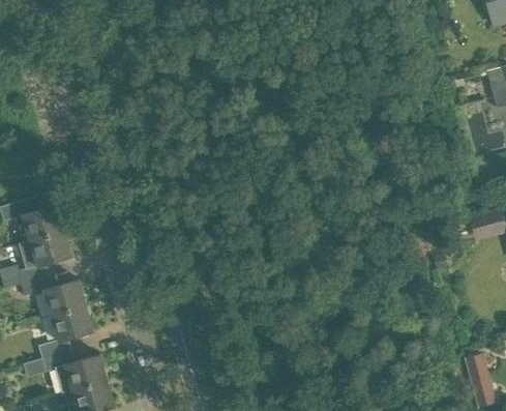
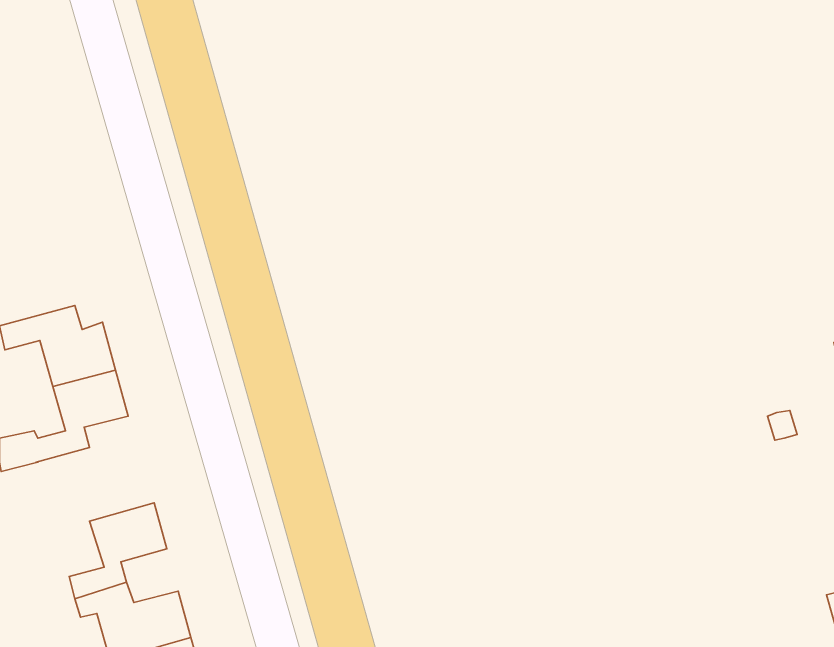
building: [21,274,87,316] -> none

